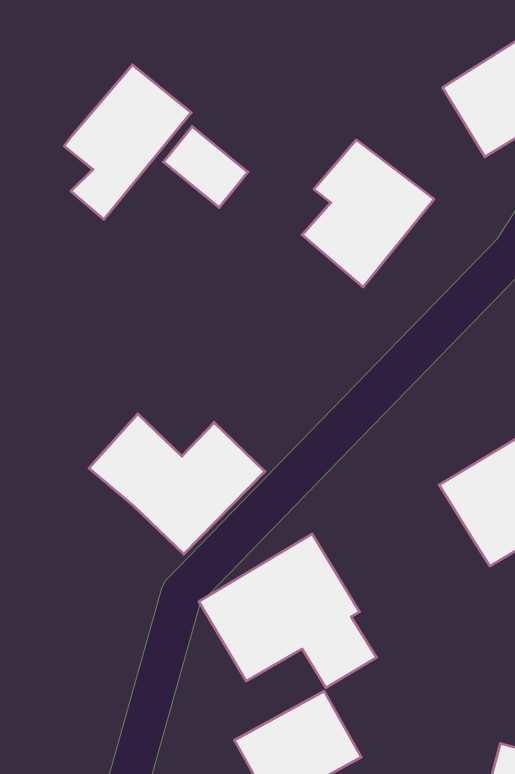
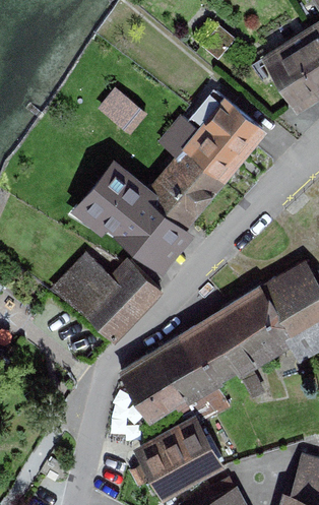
building: [64,65,191,219] -> none
building: none -> [85,118,220,262]
building: none -> [190,289,288,377]

